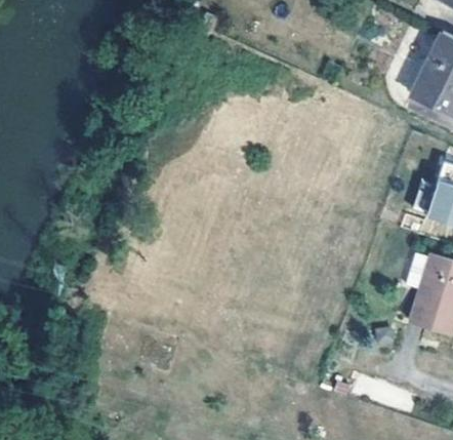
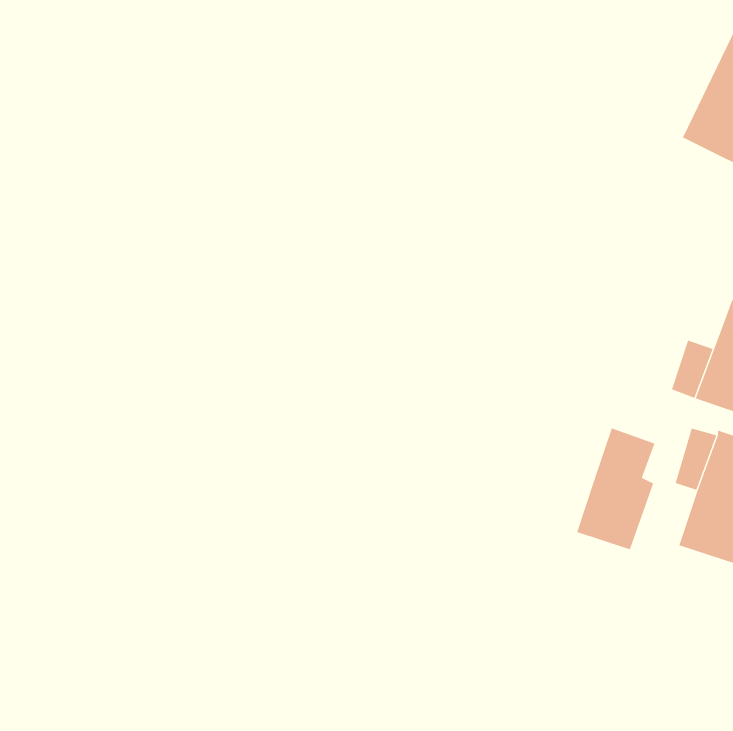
building: none -> [576,427,655,550]

